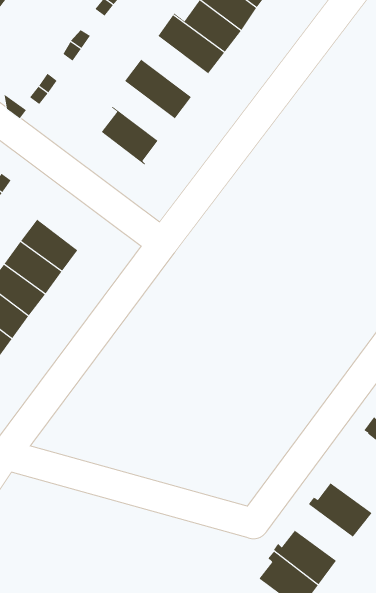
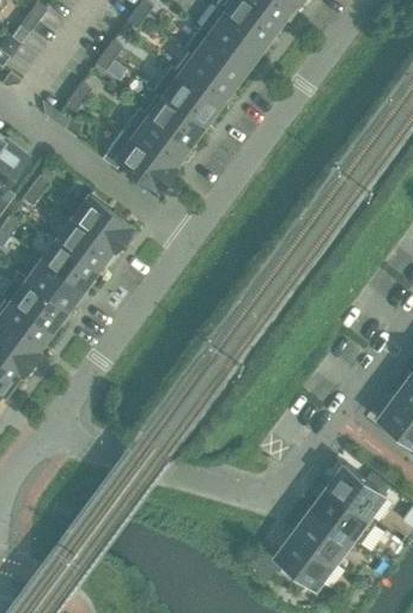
building: none -> [171,48,235,105]
building: none -> [145,90,204,146]
building: none -> [119,138,175,190]
building: none -> [74,198,132,250]
building: none -> [315,486,378,546]

